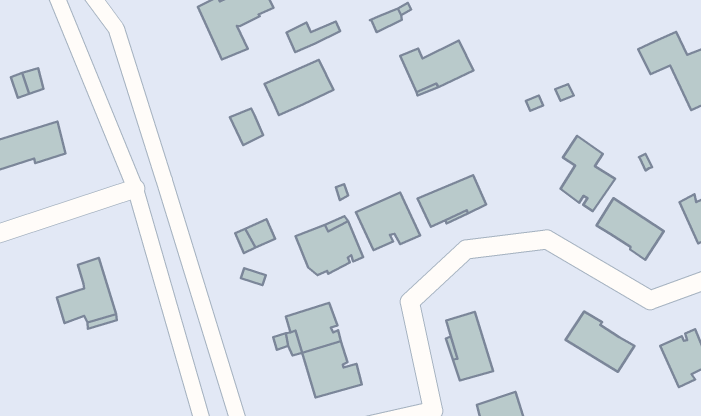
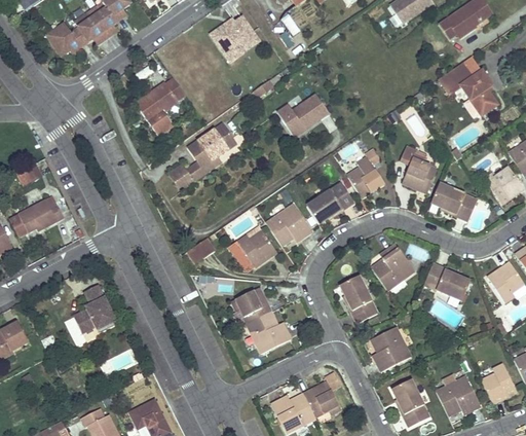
building: [287,21,340,52] -> [186,155,222,181]
building: none -> [347,148,383,196]
building: none -> [372,244,415,291]

